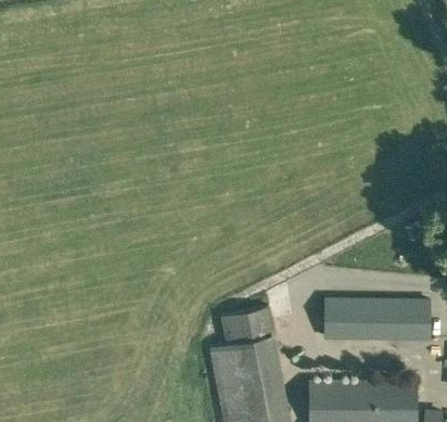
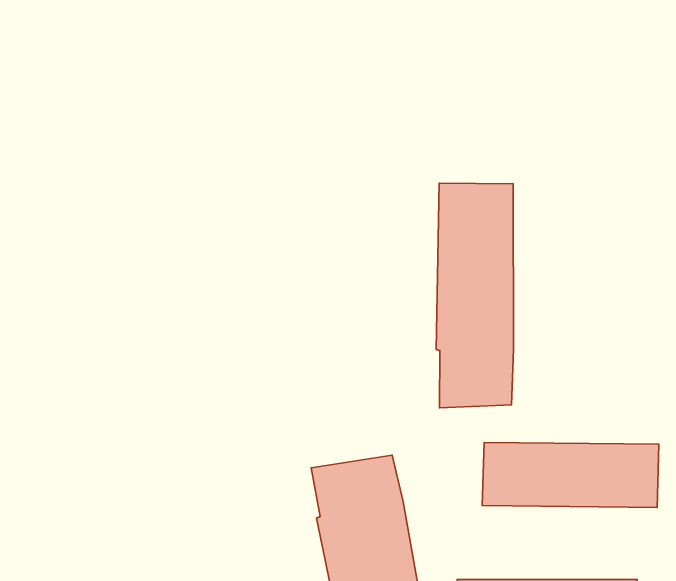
building: none -> [436,183,513,408]

